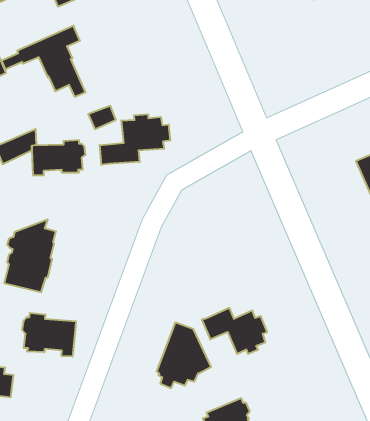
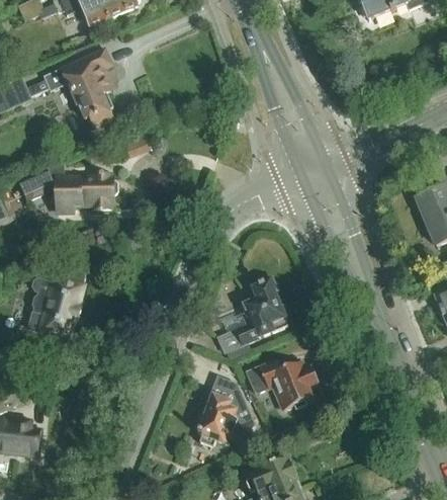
building: [100,114,170,165] -> none
building: none -> [216,275,287,351]
building: [22,313,76,357] -> none

